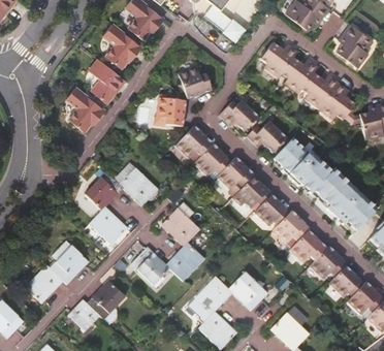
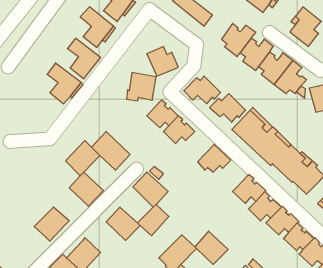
building: [217,157,254,189] -> none
building: [255,194,289,225] -> none
building: [25,264,64,304] -> none

